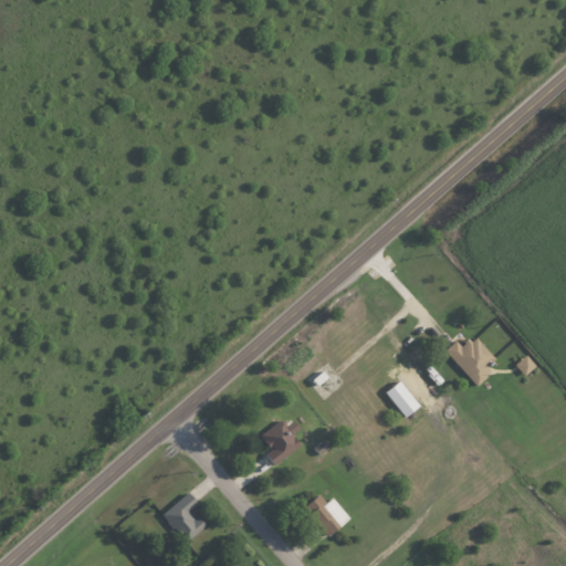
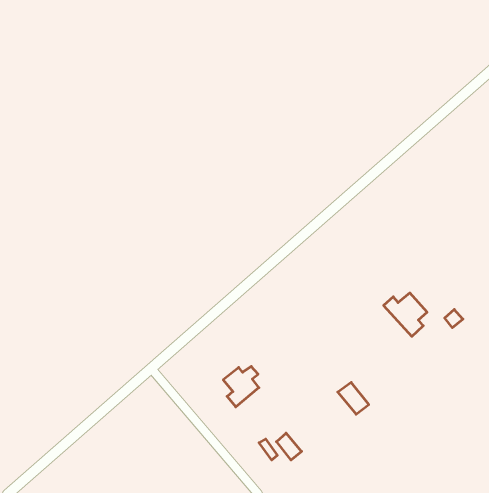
building: [382,381,418,418] -> [338,382,369,414]
building: [163,492,206,543] -> none

